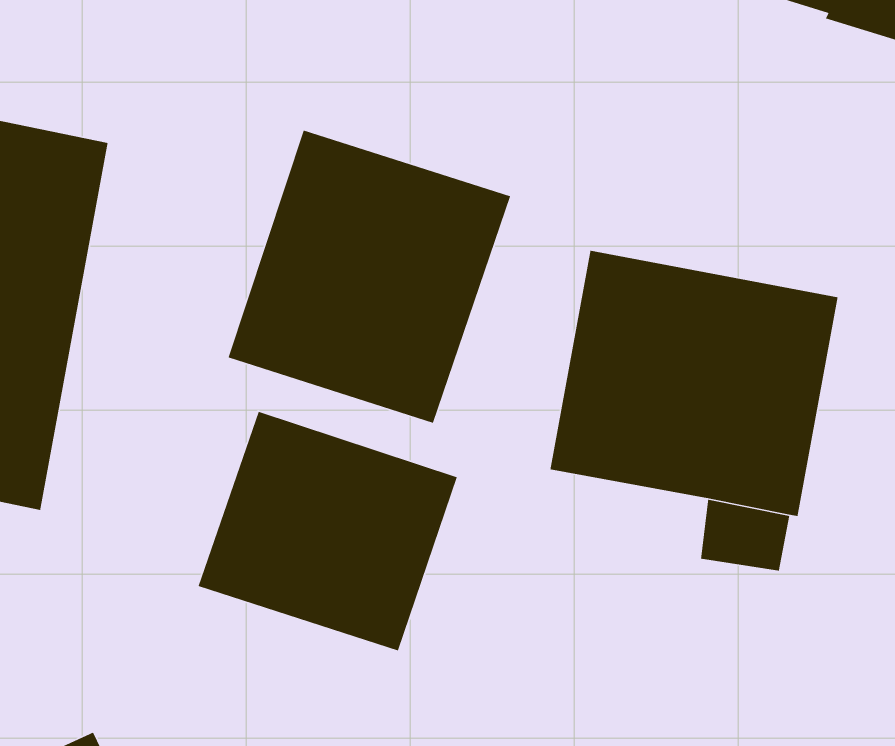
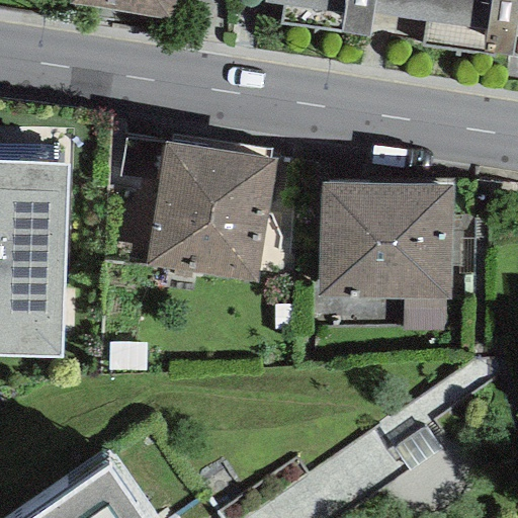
building: [198,411,458,651] -> none

